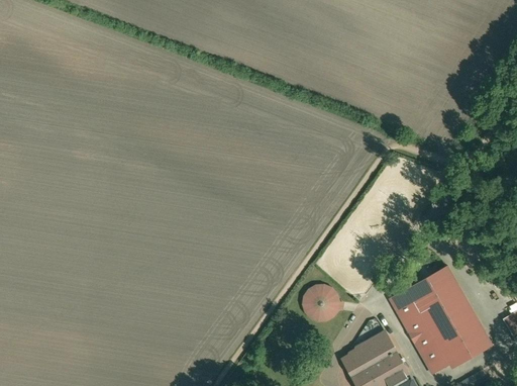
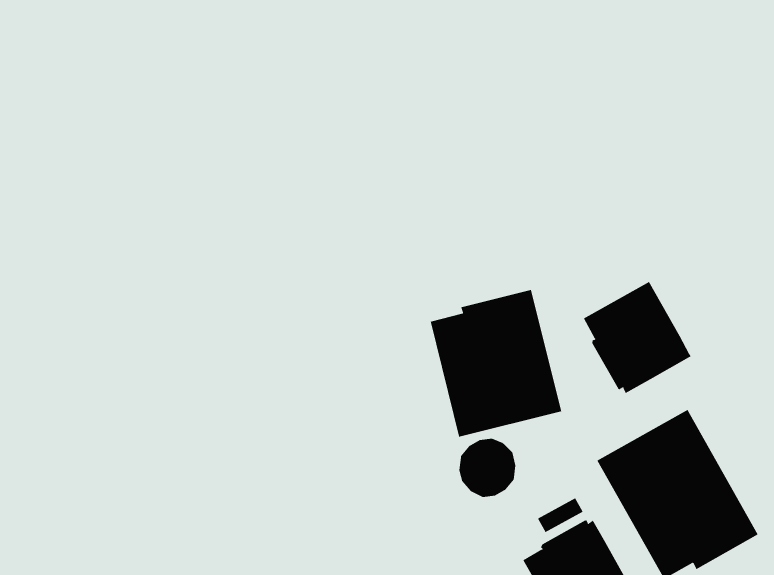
building: none -> [583,281,692,394]
building: none -> [430,289,562,438]

